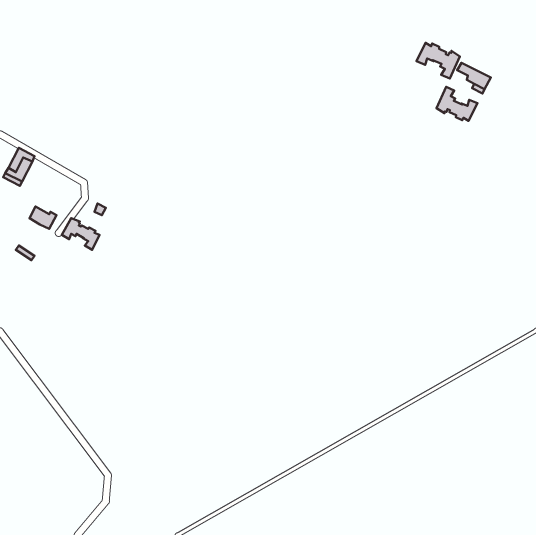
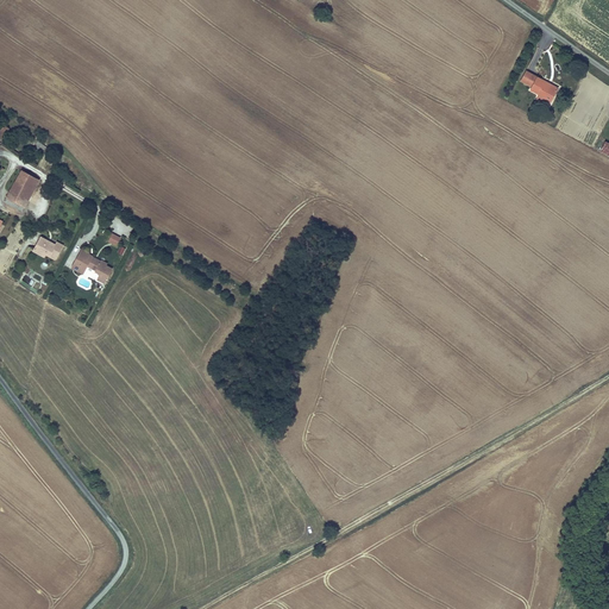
building: [416,43,460,78] -> none
building: [437,87,477,121] -> none

